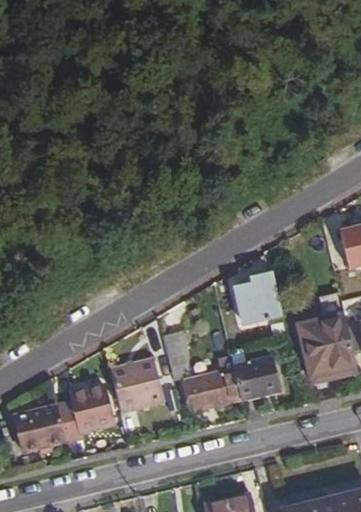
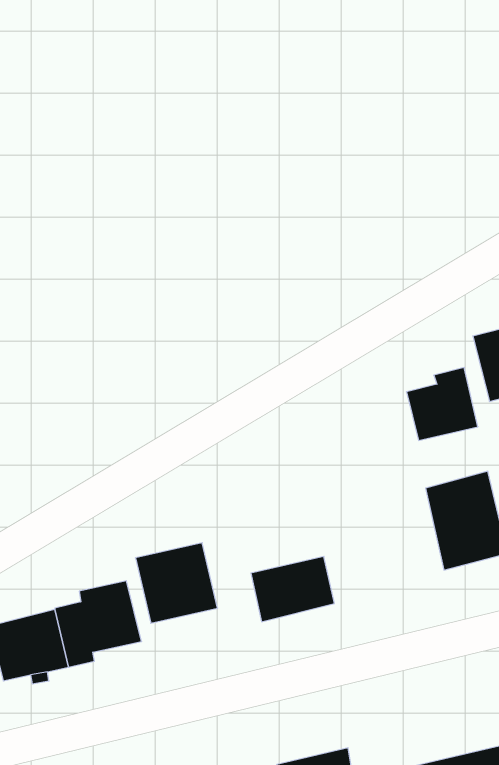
building: [235,272,282,320] -> [406,368,478,440]
building: [162,329,187,374] -> none
building: [234,359,280,400] -> none

